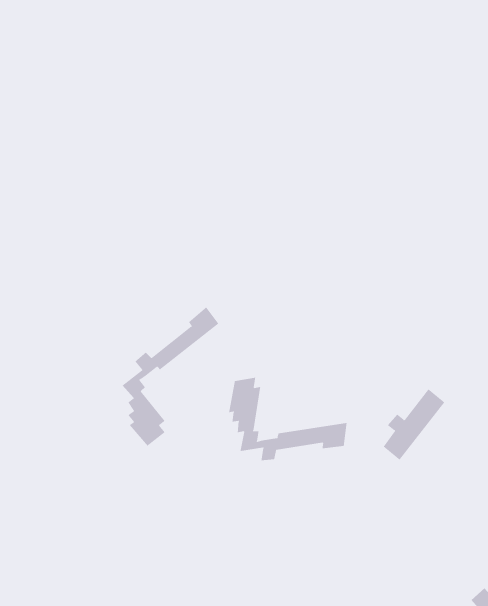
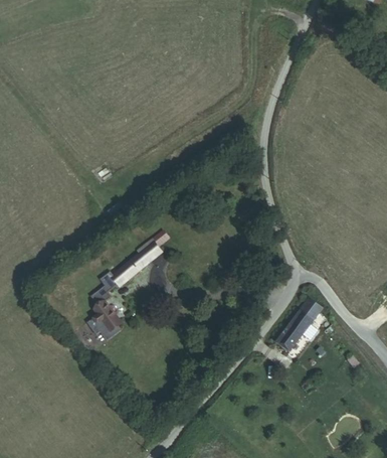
building: [229,377,347,461] -> none

